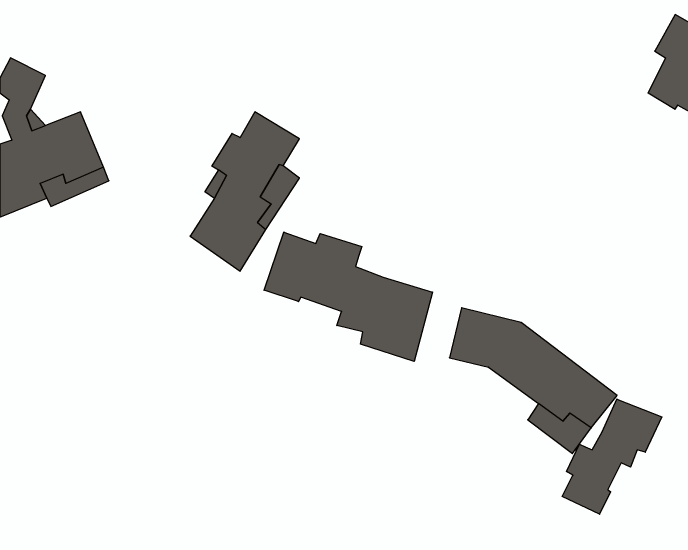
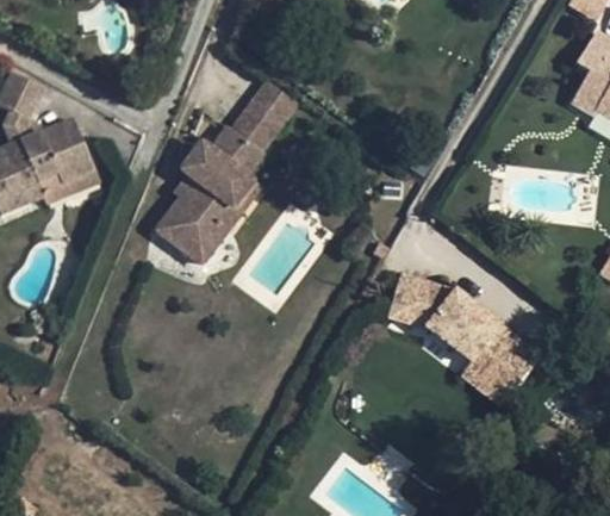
building: none -> [225,80,288,143]
building: [264,232,433,361] -> none
building: [562,399,662,514] -> none

